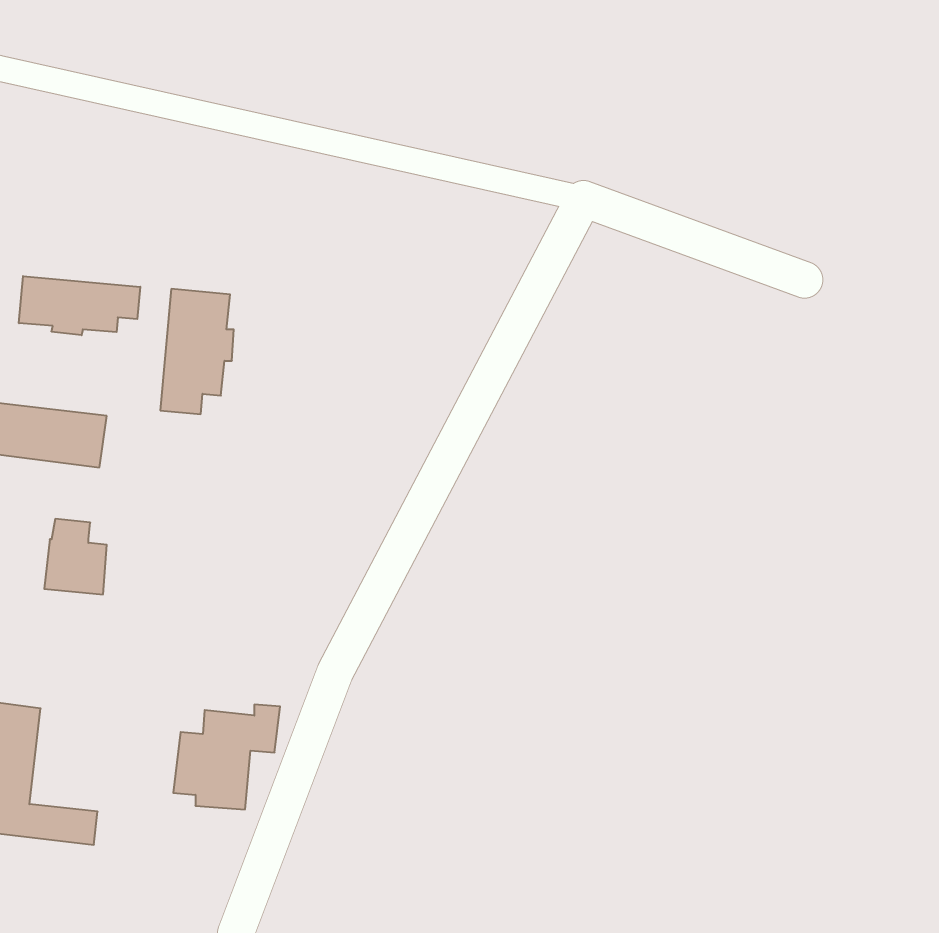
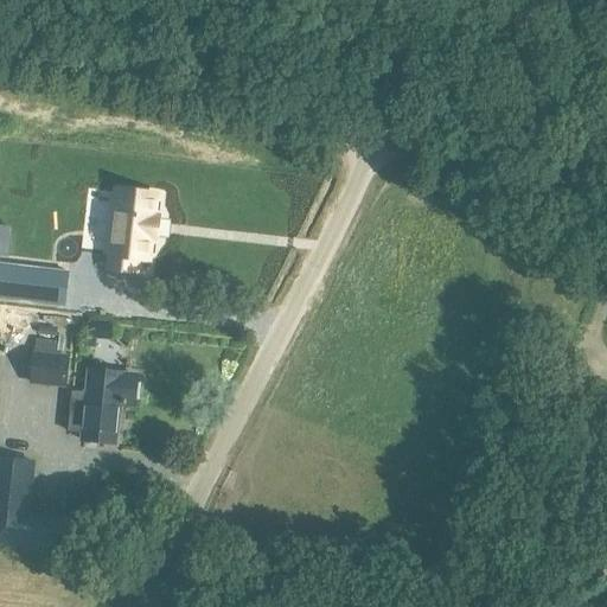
building: [19,276,140,335] -> none
building: [173,705,280,809] -> [68,370,136,437]

